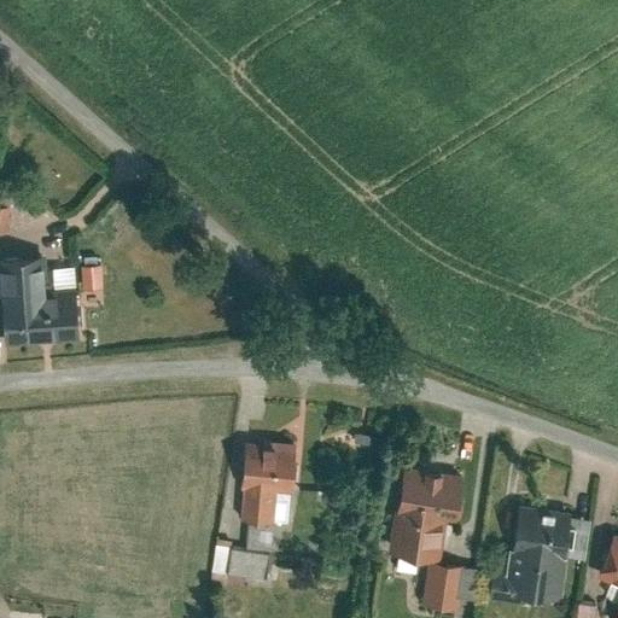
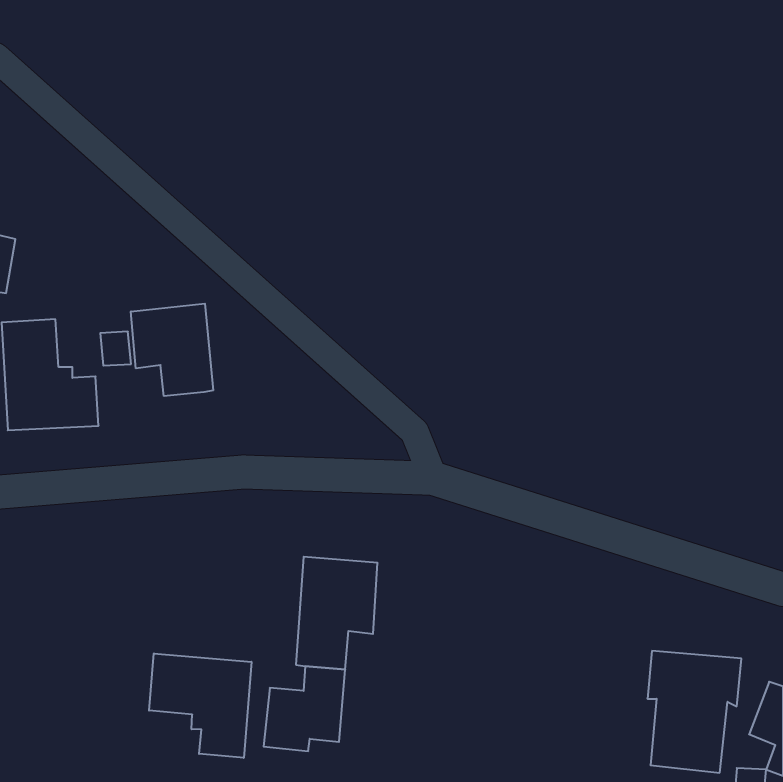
building: none -> [131,304,213,396]
building: [384,466,467,611] -> none
building: none -> [149,653,251,758]

